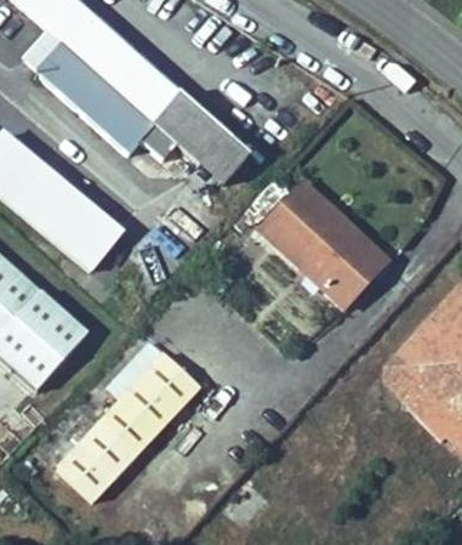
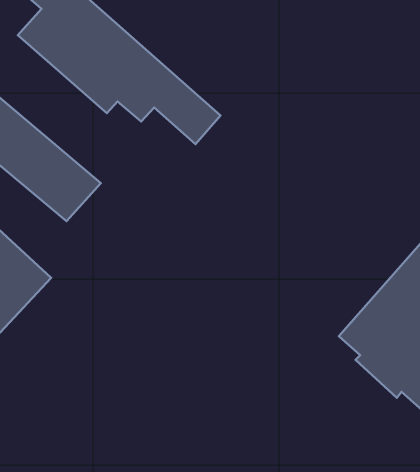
building: [266,170,395,296] -> none
building: [65,347,207,496] -> none

